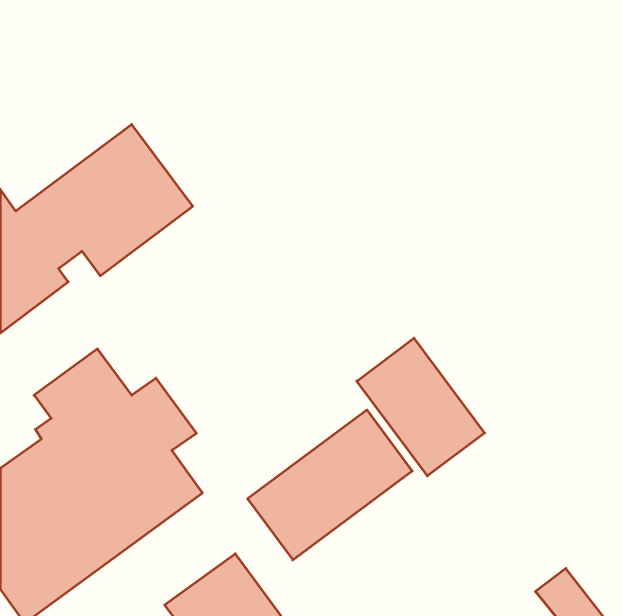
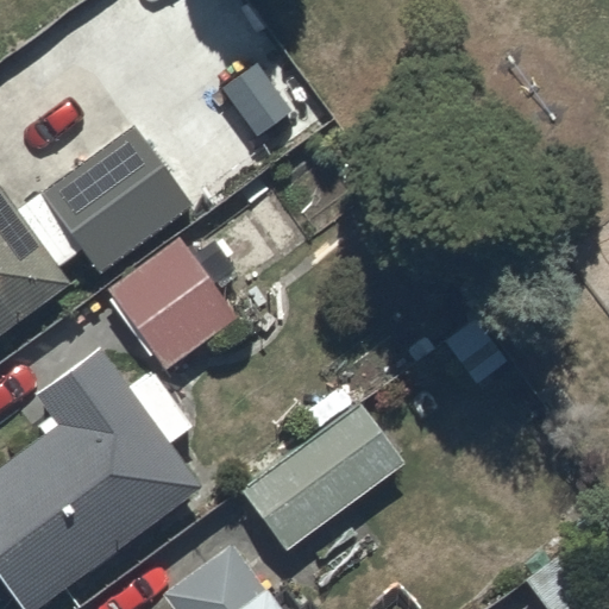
building: none -> [105,236,238,371]
building: [357,338,485,476] -> none

